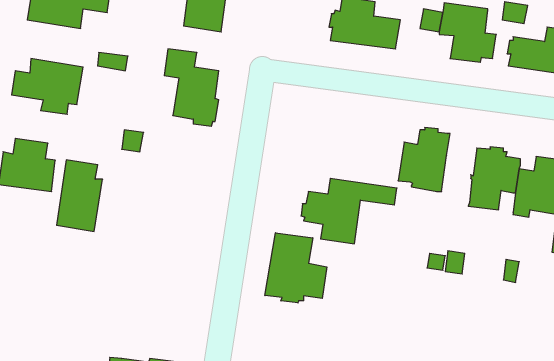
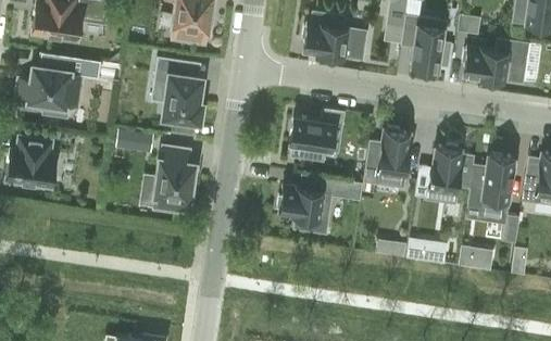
building: none -> [290,106,345,161]
building: [57,160,103,231] -> [154,147,196,211]
building: [265,233,327,303] -> none

